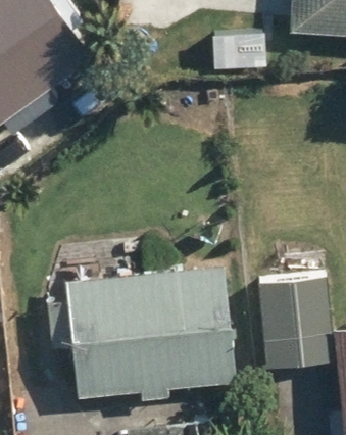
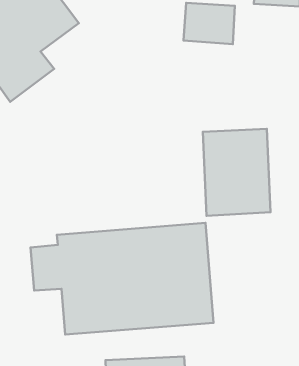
building: [251,274,327,371] -> [203,129,271,216]

